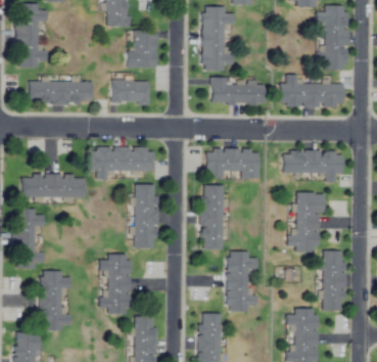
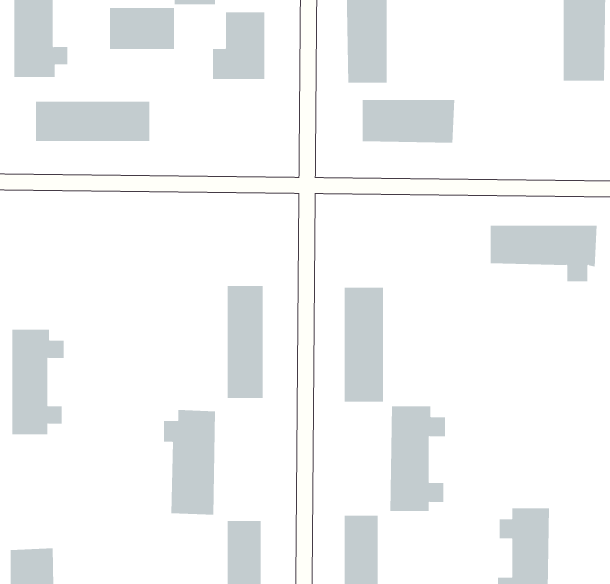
building: [280,76,344,107] -> none
building: [112,80,149,103] -> [109,7,175,49]
building: [90,146,155,179] -> none
building: [206,147,261,178] -> none
building: [21,174,86,196] -> none
building: [288,192,325,253] -> none
building: [324,251,344,310] -> none
building: [41,271,72,328] -> none

